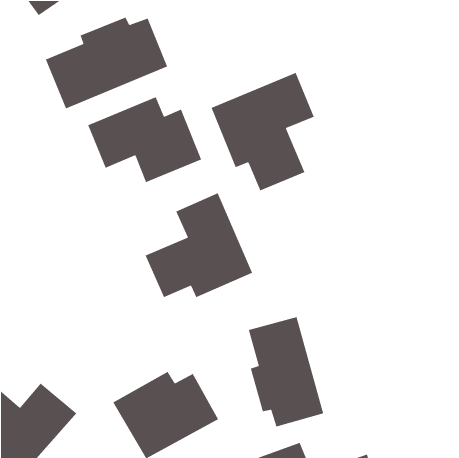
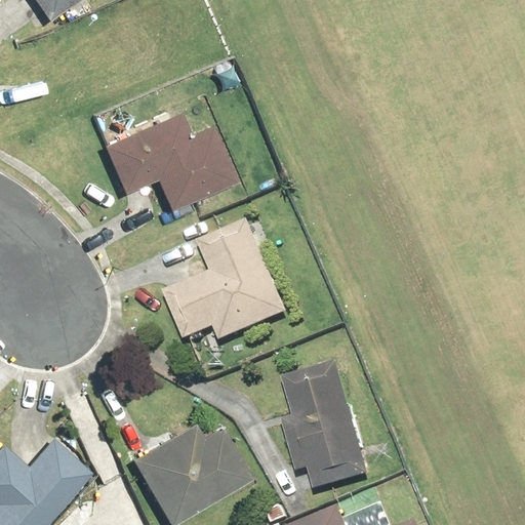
building: [45,16,168,109] -> none
building: [210,72,315,191] -> none

